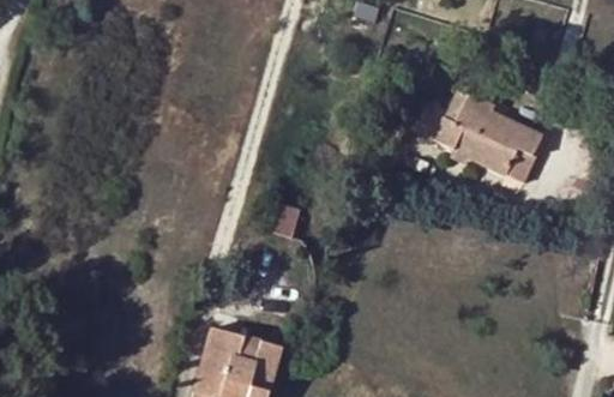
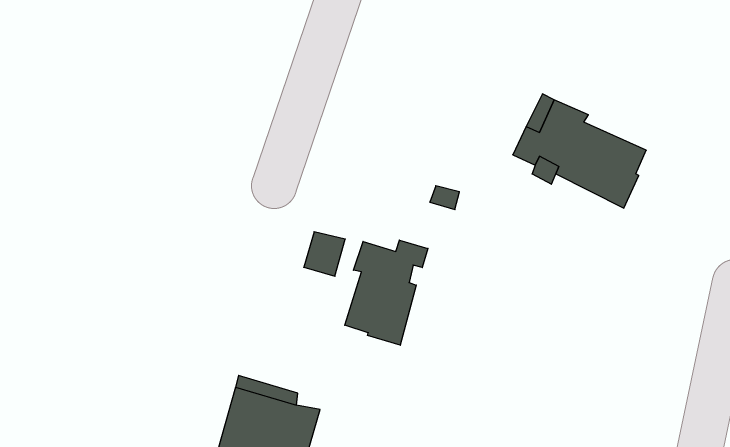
building: none -> [345,240,428,345]

